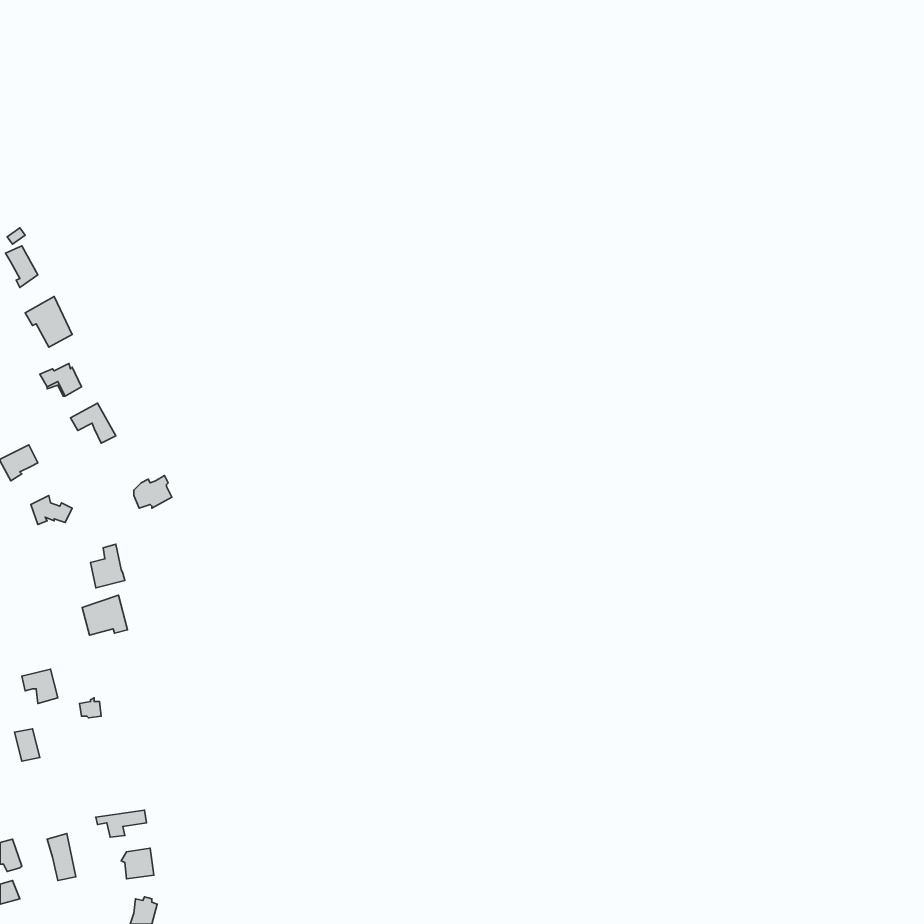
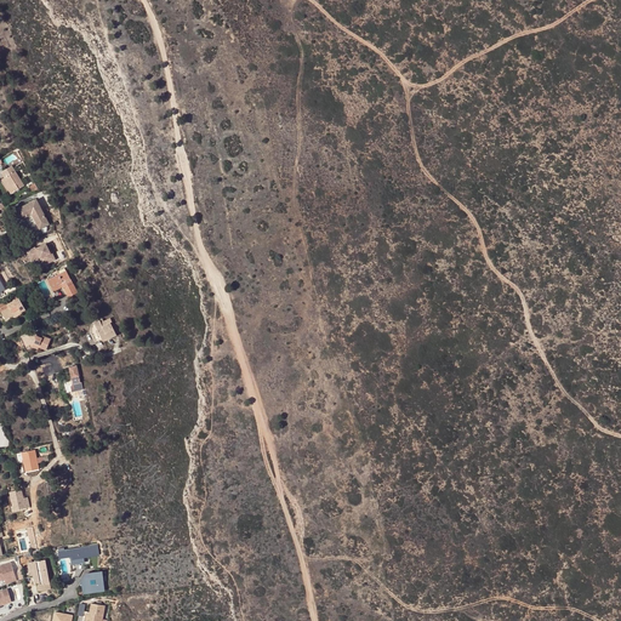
building: [82,595,127,635] -> none

